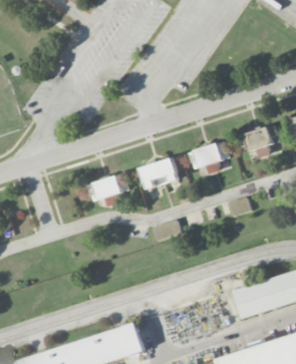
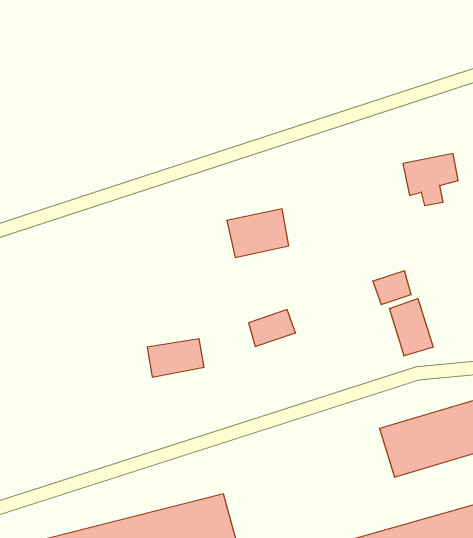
building: [188,141,229,174] -> none
building: [87,177,121,201] -> [147,339,204,377]
building: none -> [389,298,433,356]

